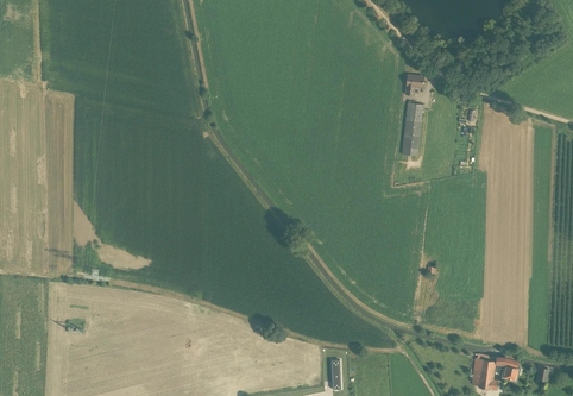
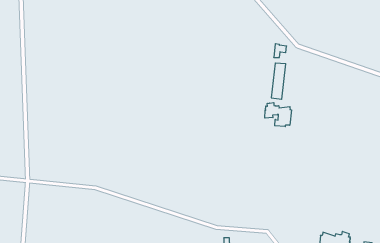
building: none -> [265,103,291,127]

